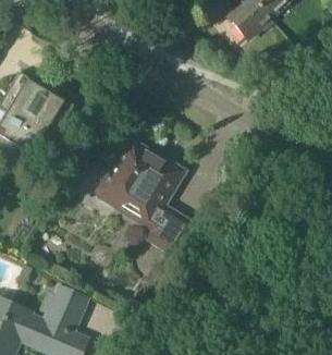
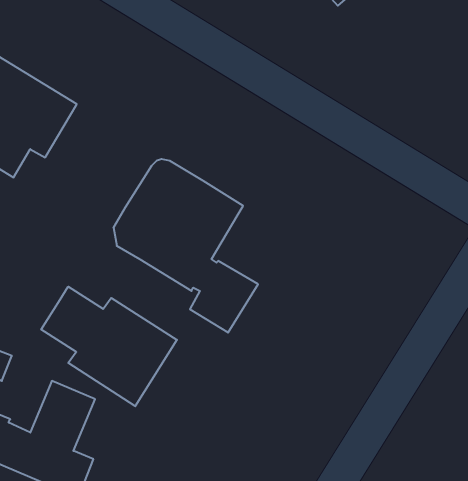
building: none -> [41,287,177,406]

